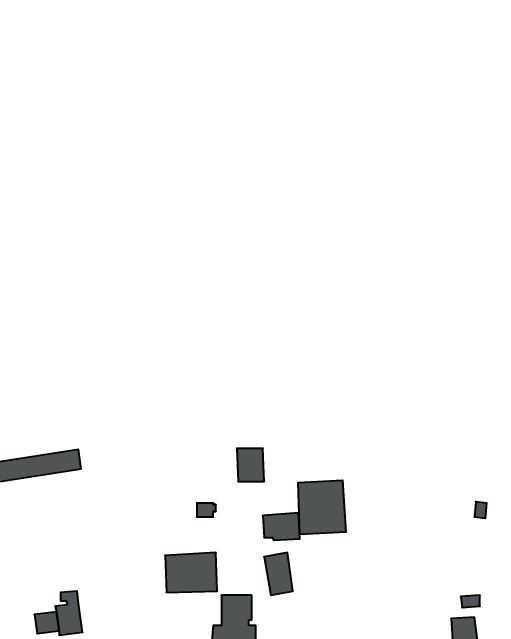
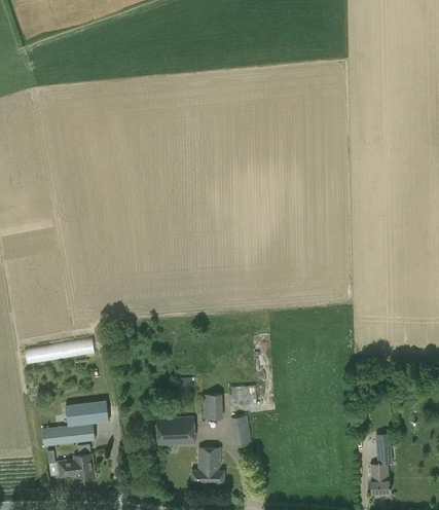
building: [237,448,264,481] -> [203,394,223,418]
building: [298,480,346,534] -> none
building: none -> [42,400,109,445]

